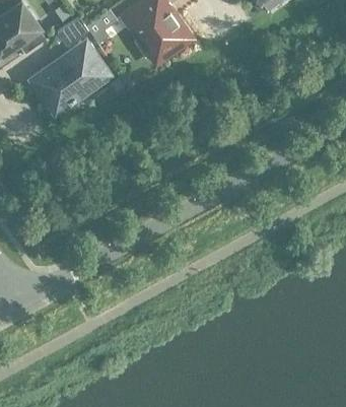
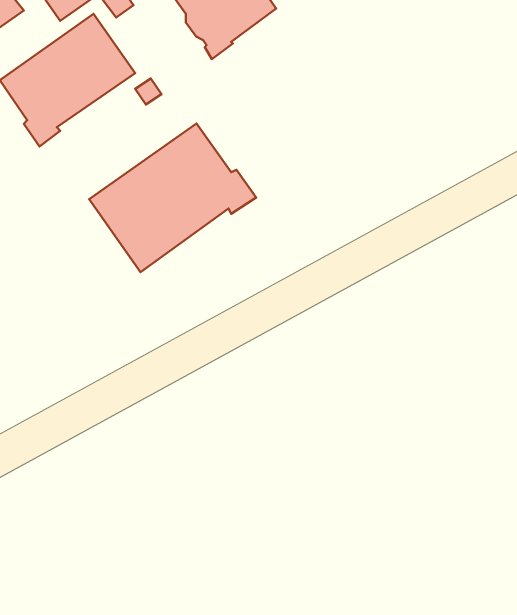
building: none -> [89,123,256,272]

